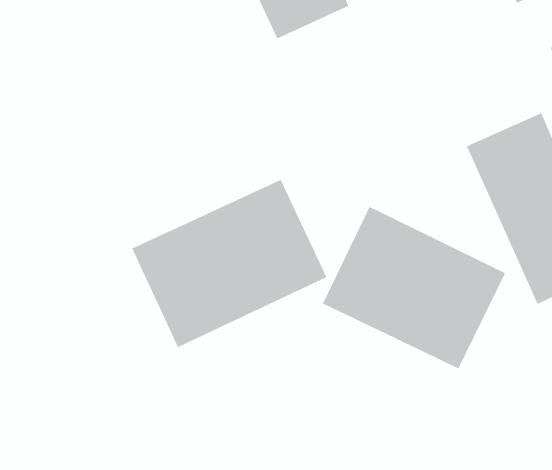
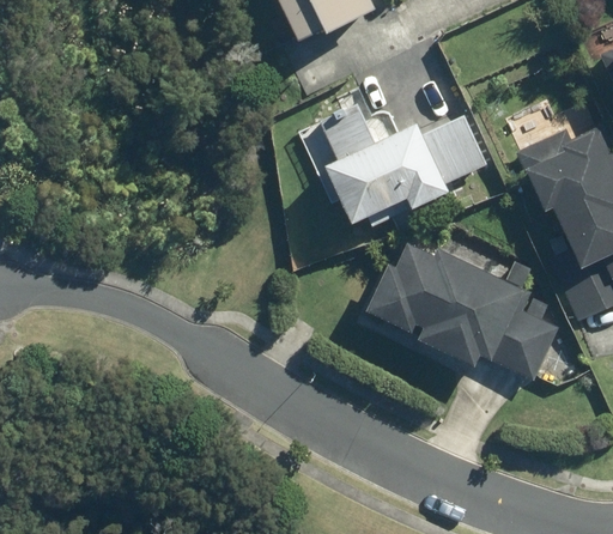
building: none -> [320,102,488,225]
building: [131,179,328,348] -> none

